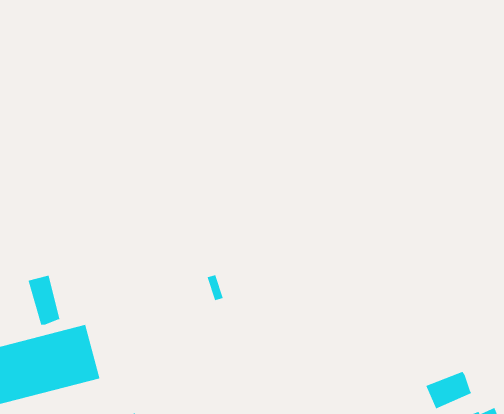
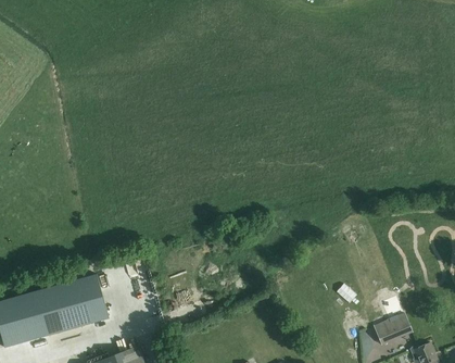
building: [27,275,61,326] -> none

